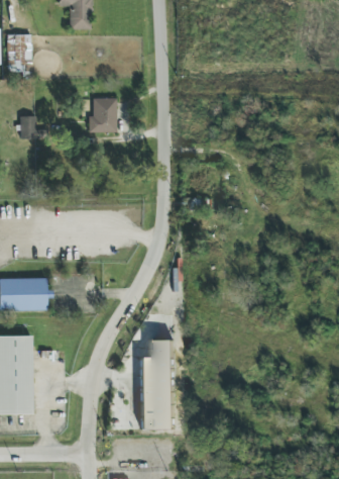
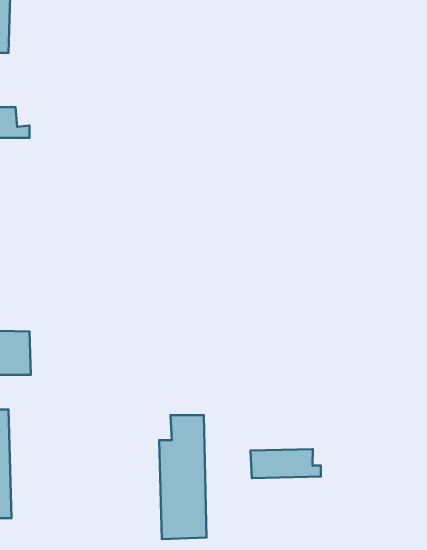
building: [89,97,116,131] -> none
building: none -> [251,449,321,478]

